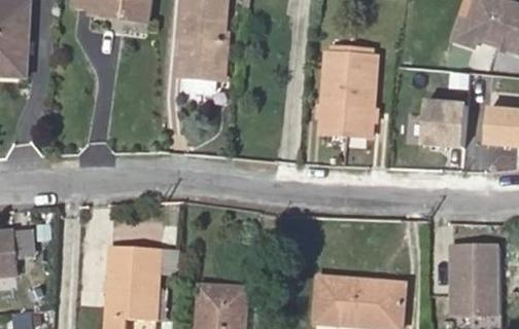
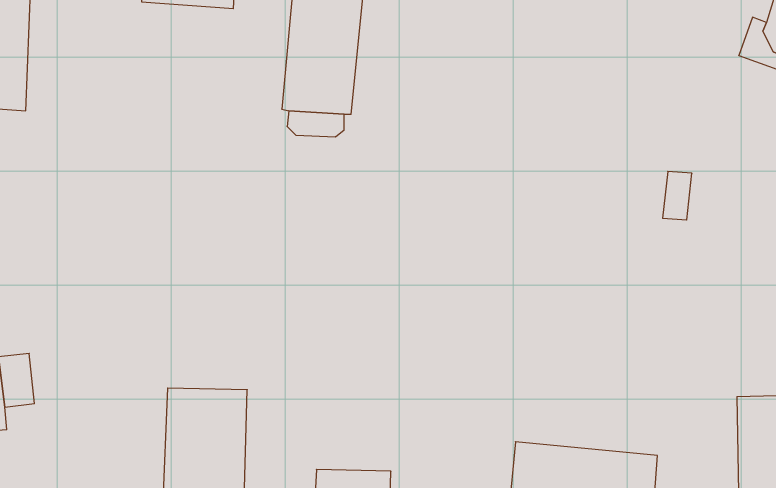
building: [319,46,378,139] -> none
building: [422,102,469,148] -> none

